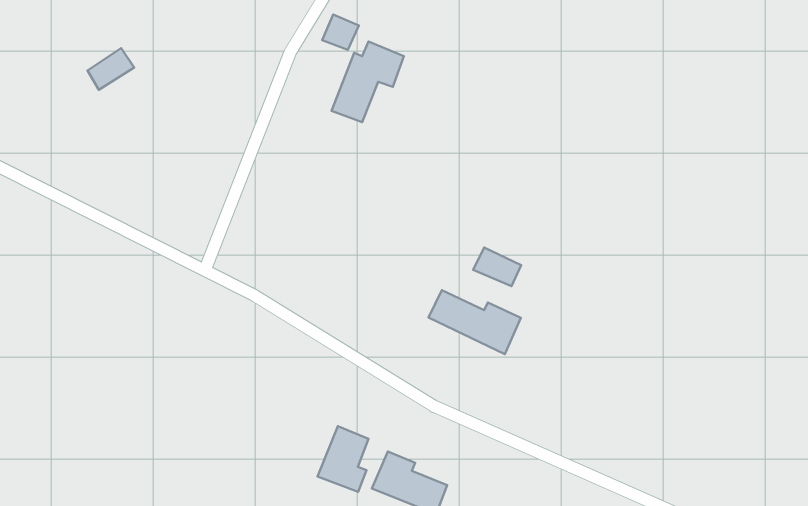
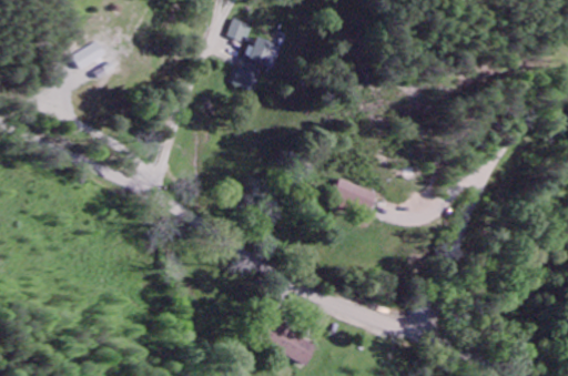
building: [428,290,521,354] -> none
building: [318,426,369,492] -> none

